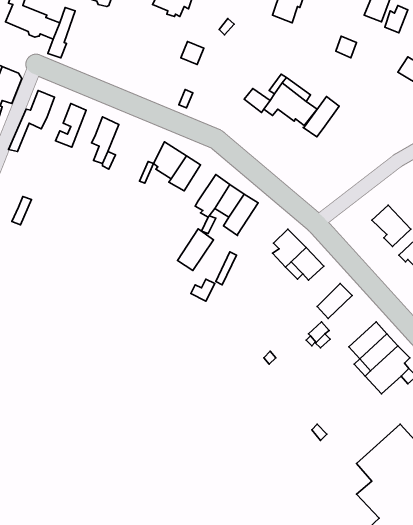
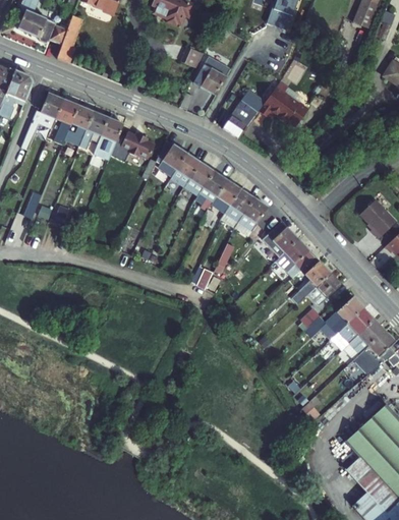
building: none -> [193,56,230,95]
building: [303,96,339,137] -> none
building: none -> [54,99,78,143]
building: none -> [223,101,256,138]
building: none -> [79,111,108,149]
building: none -> [121,131,155,158]
building: none -> [184,162,214,195]
building: [178,229,214,270] -> [234,197,268,236]
building: none -> [291,256,330,304]
building: none -> [320,297,363,343]

